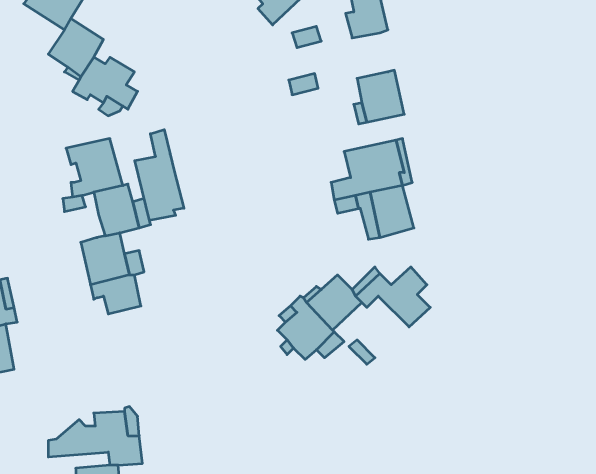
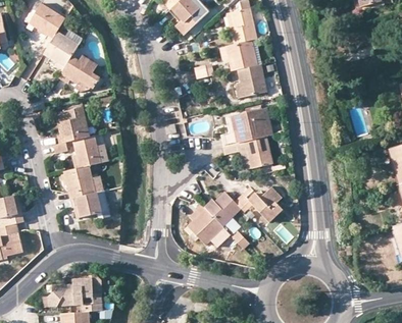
building: none -> [225,40,256,70]
building: [135,130,184,221] -> none

